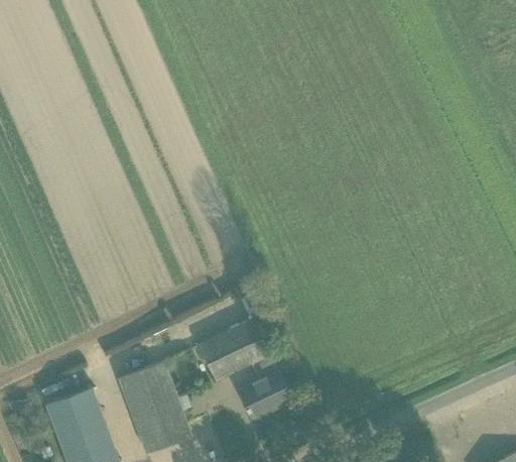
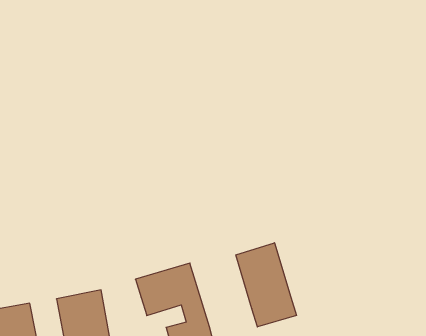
building: none -> [236,243,296,327]

